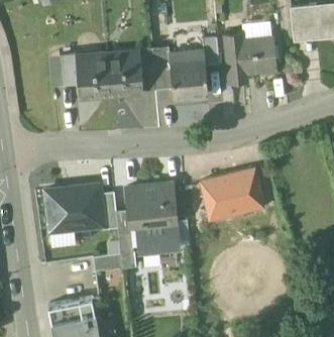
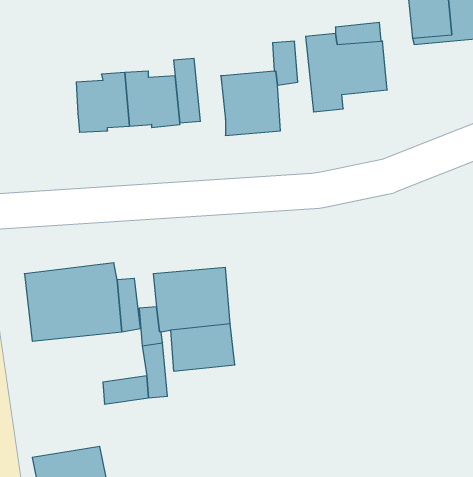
building: [152,47,173,90] -> none
building: [48,54,78,86] -> none
building: [200,168,263,218] -> none

